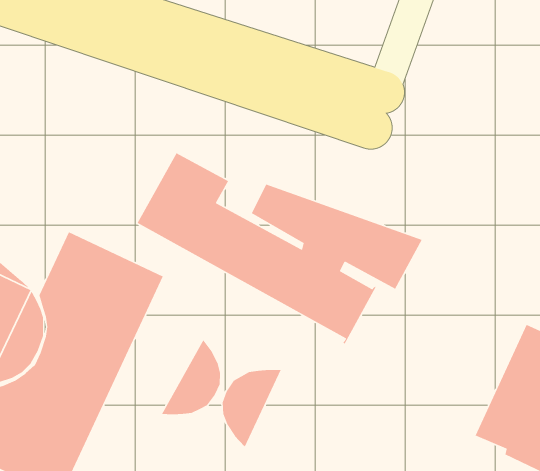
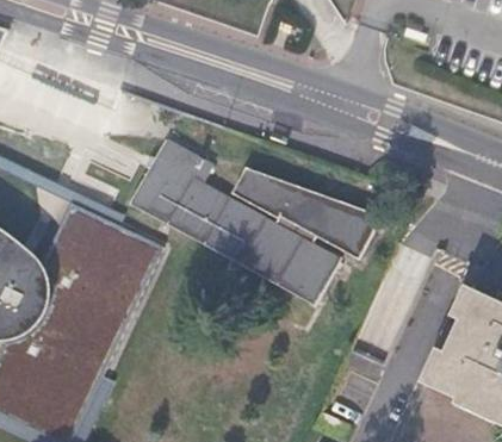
building: [161,339,221,415] -> none
building: [222,369,282,448] -> none

